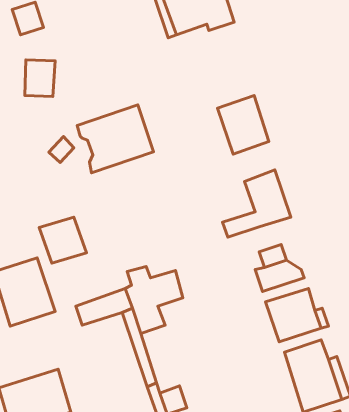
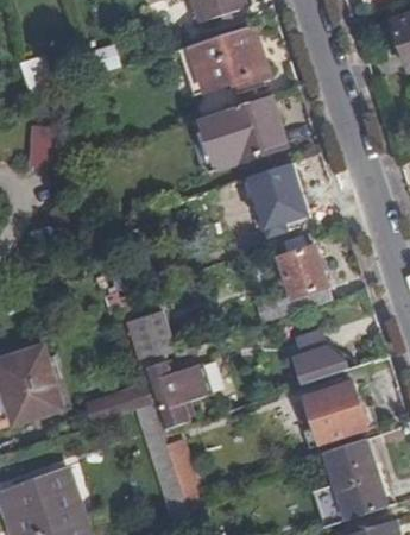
building: [77,105,153,173] -> [197,94,284,171]
building: [39,217,86,263] -> [122,308,176,360]

